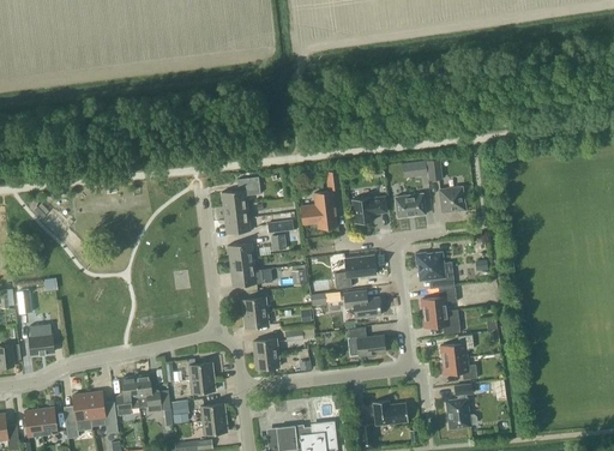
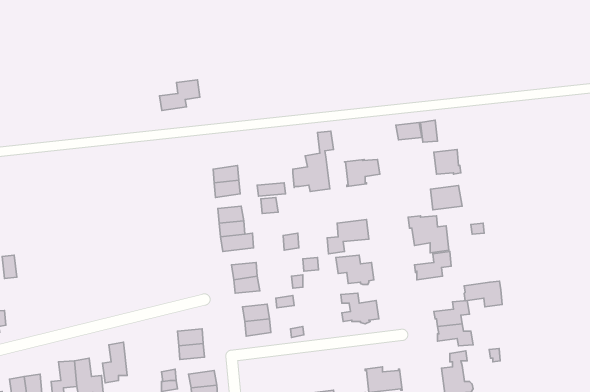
building: [221,176,260,206] -> [159,80,200,111]
building: [395,193,426,217] -> [430,185,462,210]
building: [422,309,459,335] -> [464,281,502,307]
building: [29,326,54,354] -> none
building: [136,374,161,411] -> none

